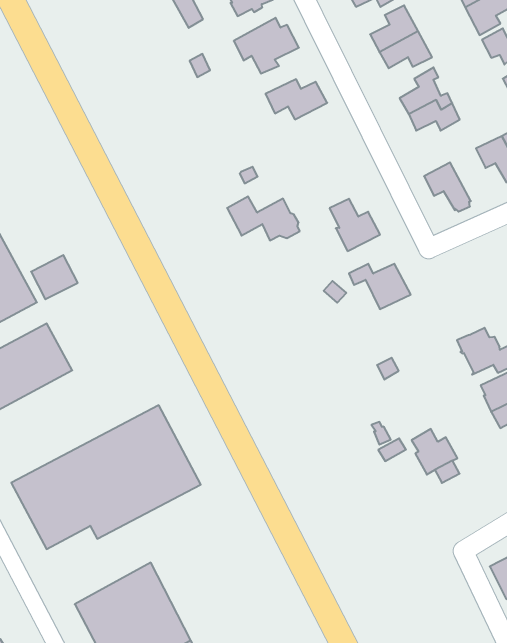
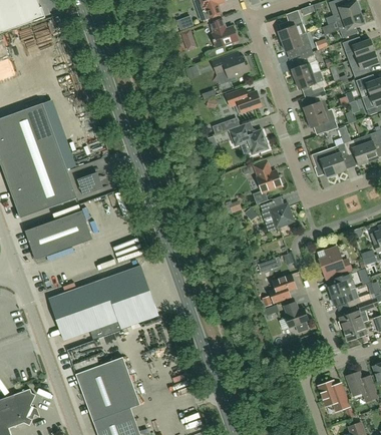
building: none -> [328,142,348,172]
building: [227,196,300,240] -> [229,124,269,151]
building: none -> [269,274,297,303]

